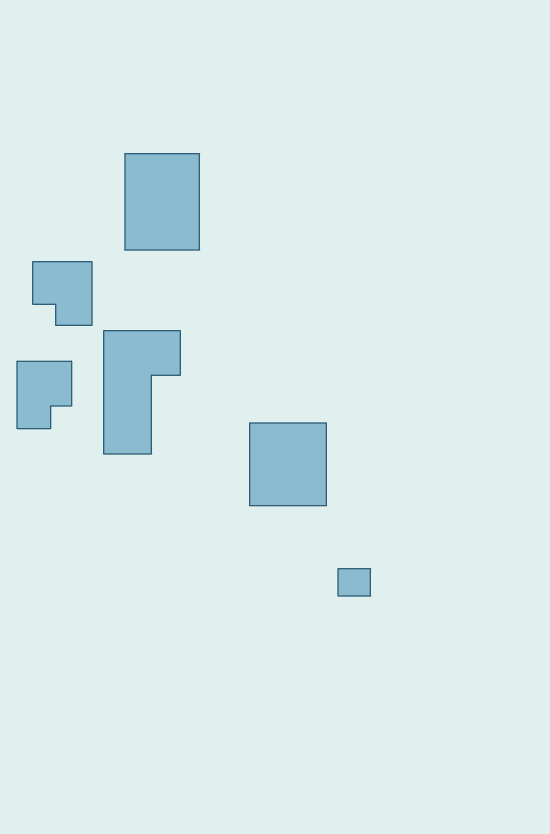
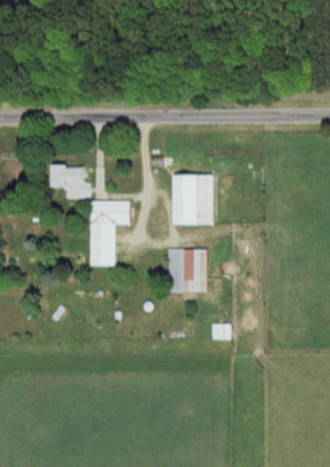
building: [125,154,200,250] -> [175,174,214,224]
building: [17,361,71,429] -> none

